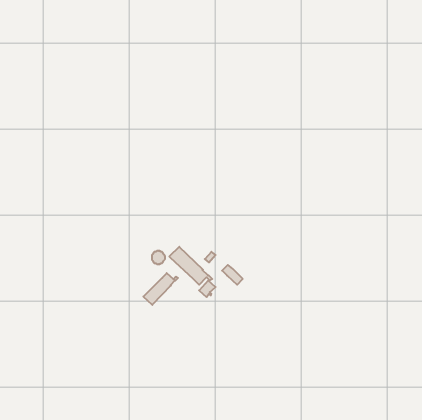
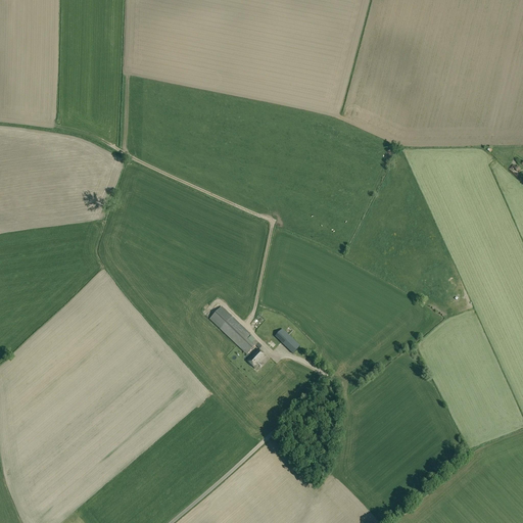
building: [143,273,178,305] -> none

